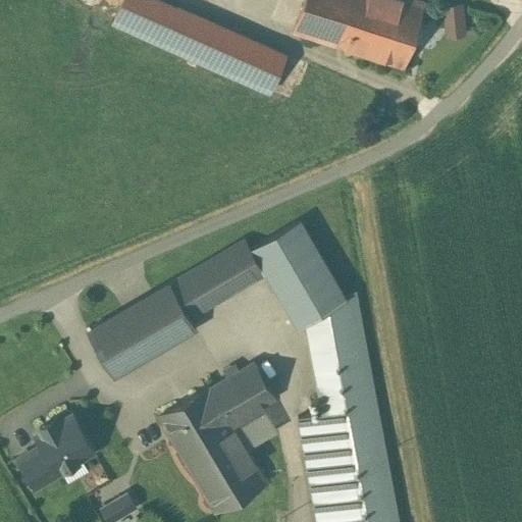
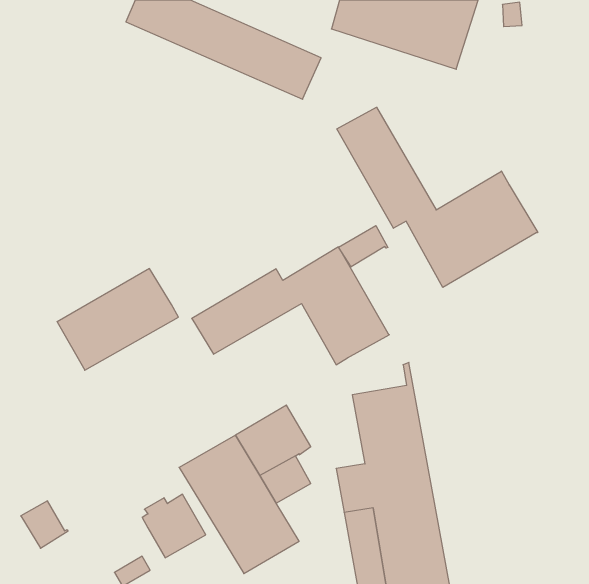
building: none -> [337,107,538,287]
building: none -> [339,226,388,267]
building: [89,286,196,376] -> [57,269,178,370]
building: [308,297,360,354] -> none
building: [38,418,94,474] -> [142,494,206,558]

